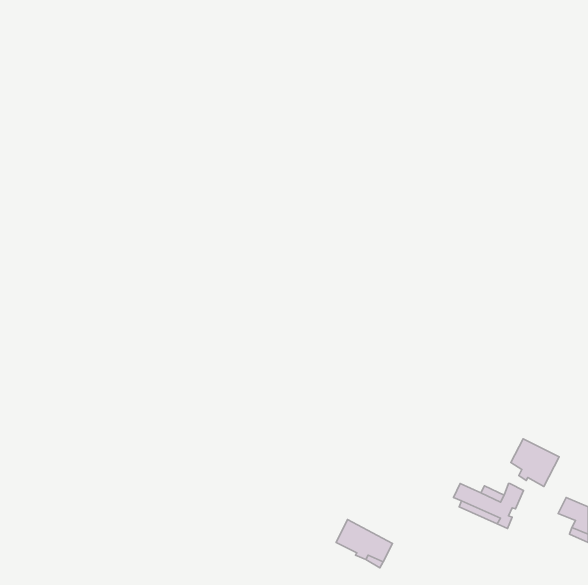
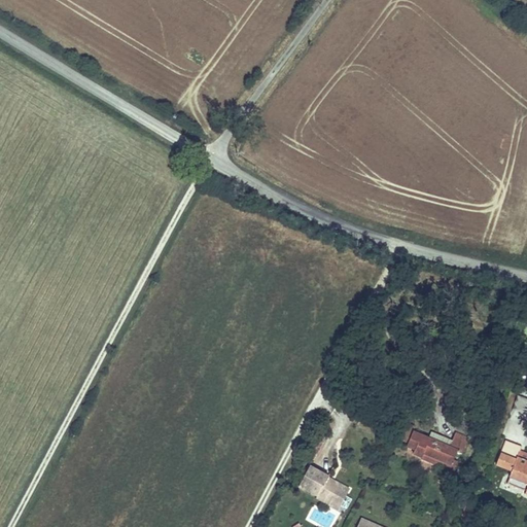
building: [511,439,559,486] -> none

